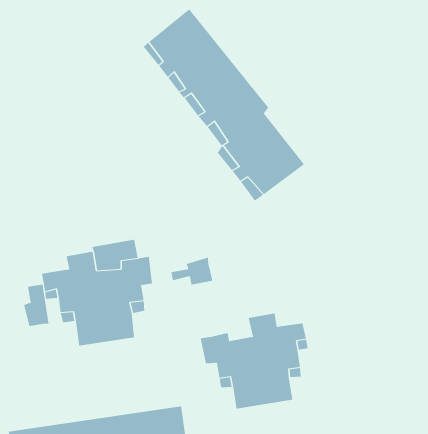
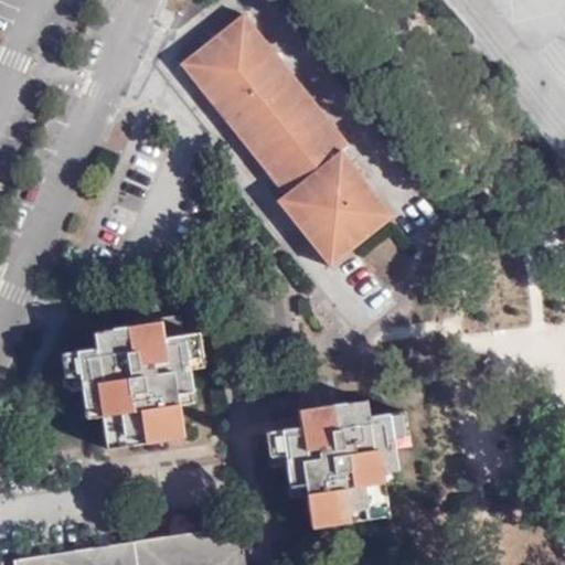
building: [170,257,213,285] -> [270,407,326,444]
building: [24,284,49,327] -> none

